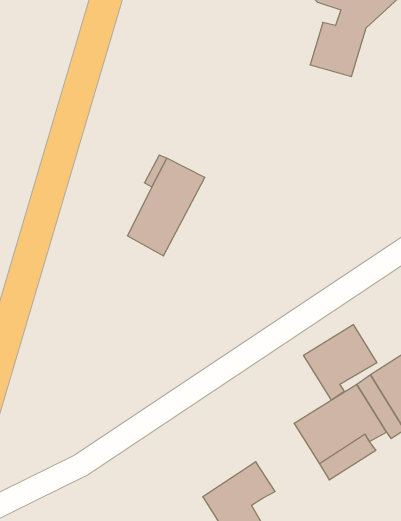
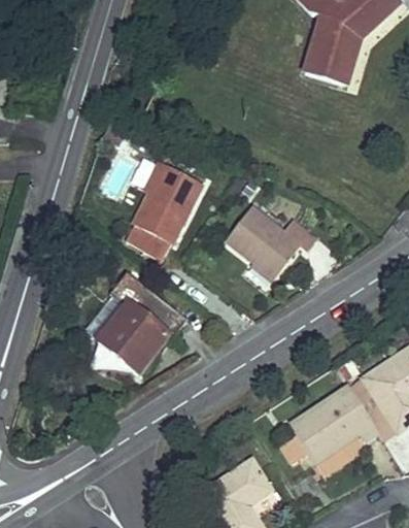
building: none -> [229,206,318,278]
building: none -> [97,269,185,370]
building: [304,325,377,400] -> none

